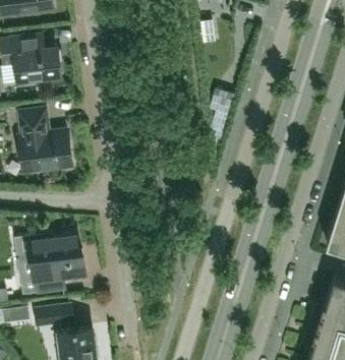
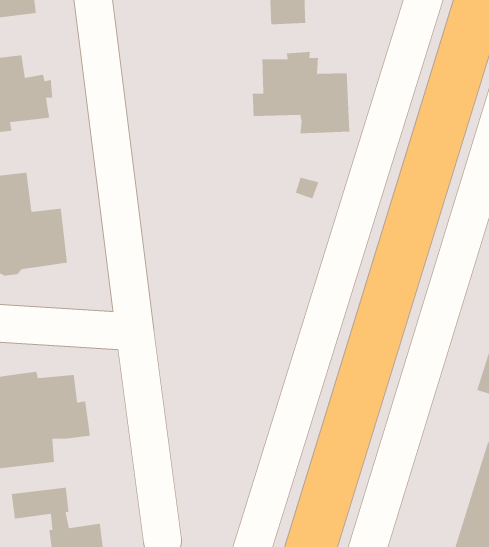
building: none -> [252,51,350,134]

